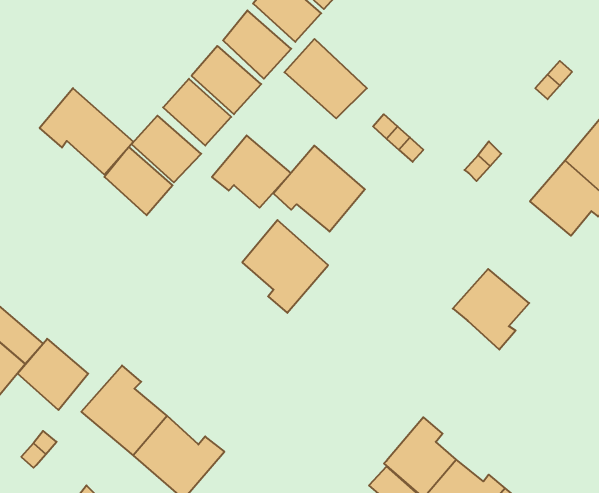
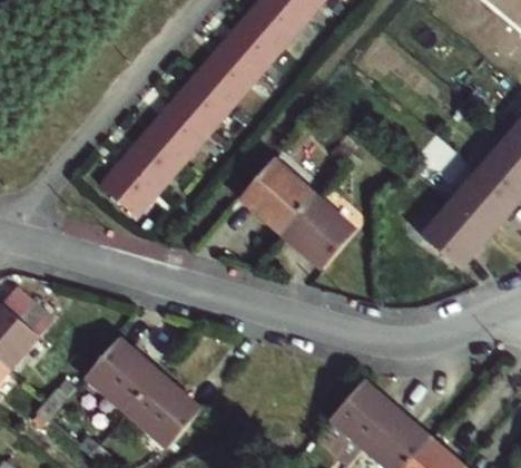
building: [284,39,367,118] -> none
building: [40,88,133,175] -> none
building: [212,135,291,208] -> none
building: [242,220,328,313] -> [286,194,356,270]
building: [453,269,529,350] -> [421,204,483,270]
building: [17,339,88,410] -> none

